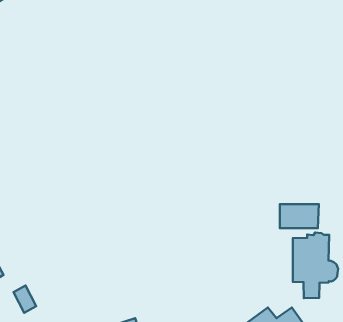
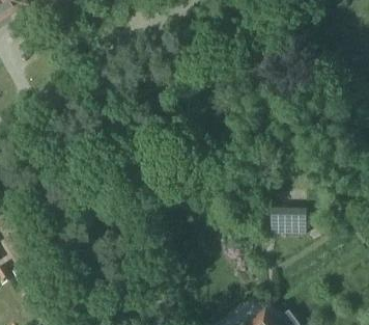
building: [293,233,338,298] -> none

